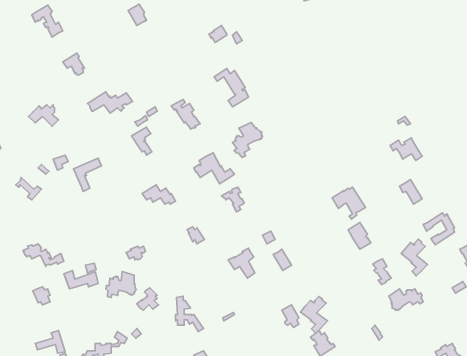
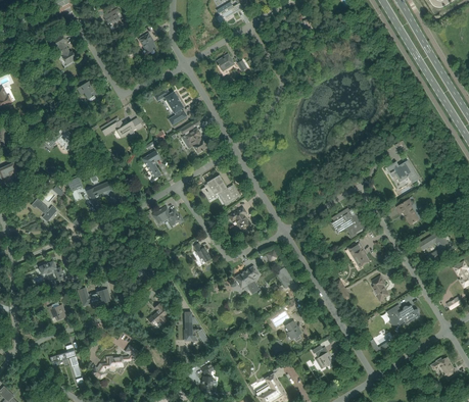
building: [214,68,248,107] -> [154,89,187,125]
building: [233,122,263,158] -> none
building: [401,239,427,276] -> none
building: [106,271,136,297] -> none
building: [301,296,328,333] -> none

